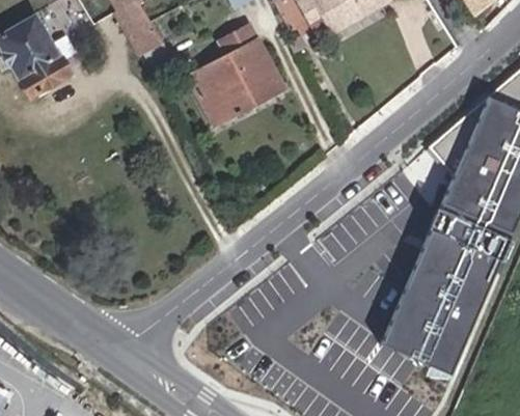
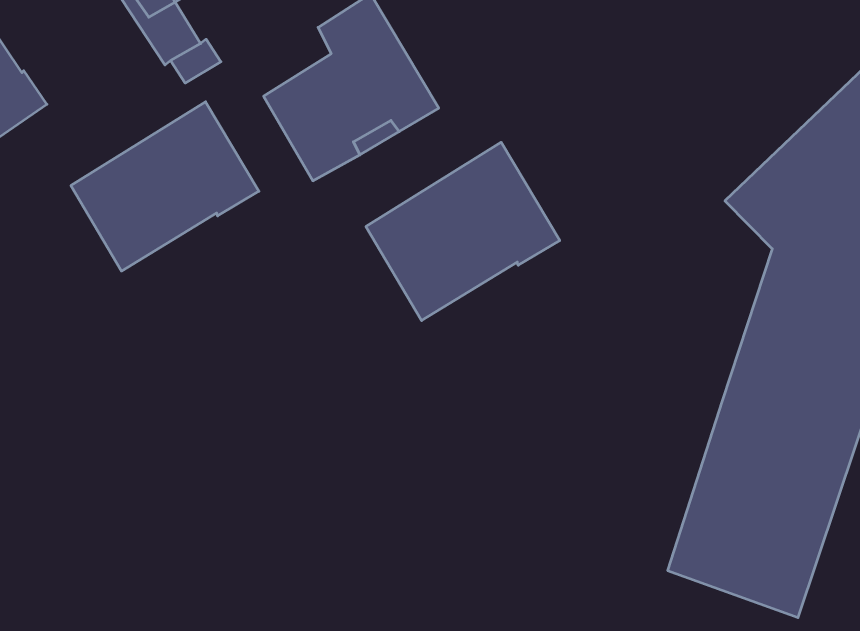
building: none -> [71,102,259,271]
building: none -> [366,142,560,321]

